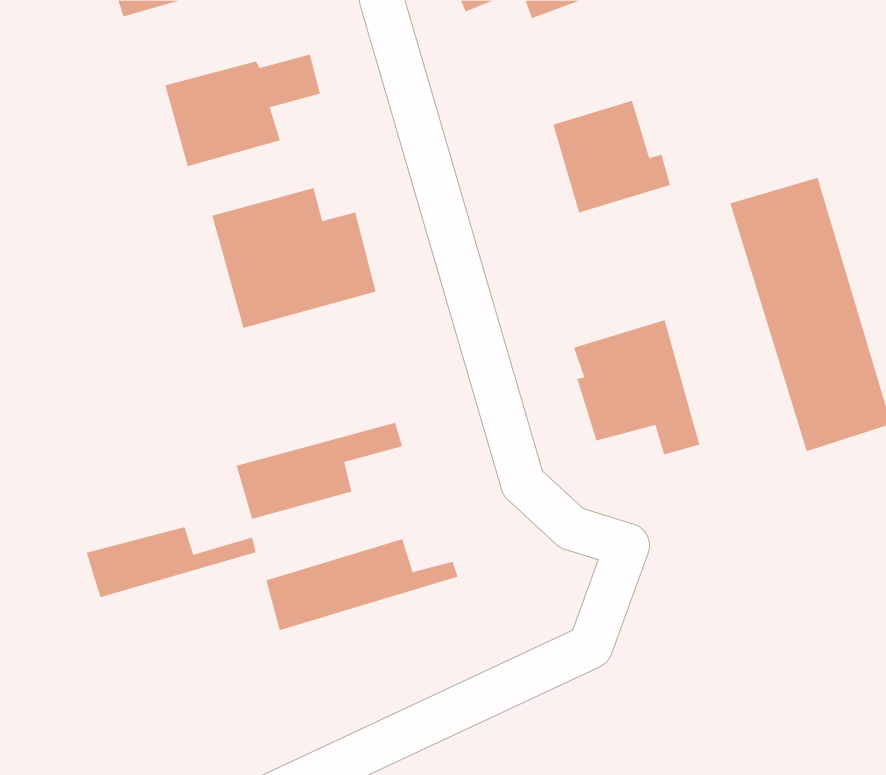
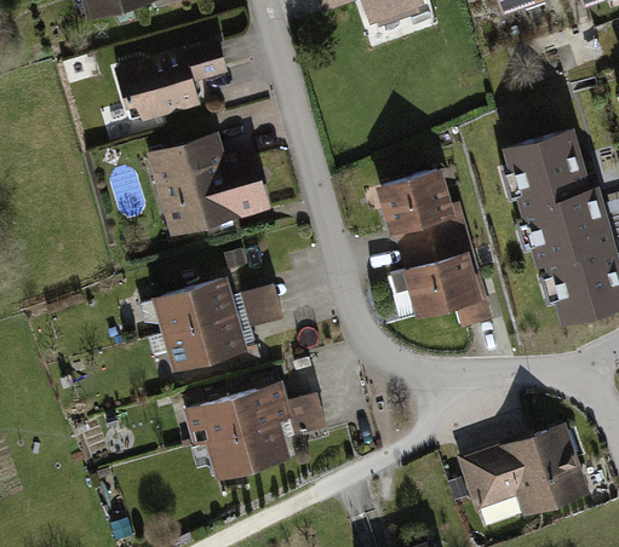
building: [552,100,671,213] -> [382,169,464,248]
building: [86,526,256,598] -> [155,281,274,330]
building: none -> [195,408,326,480]
building: none -> [464,427,586,513]

